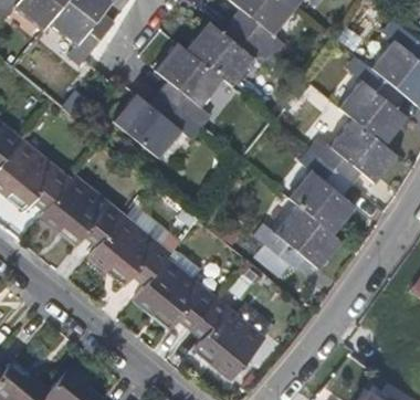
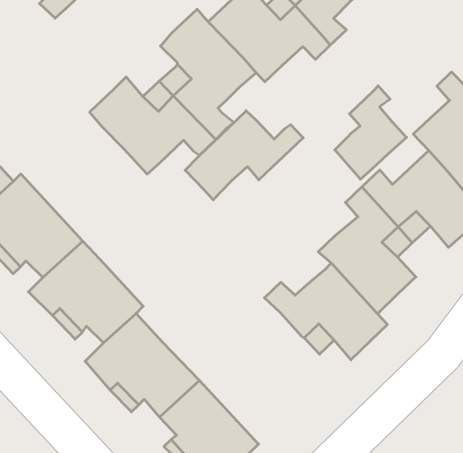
building: none -> [335,86,407,179]
building: none -> [185,111,303,200]

